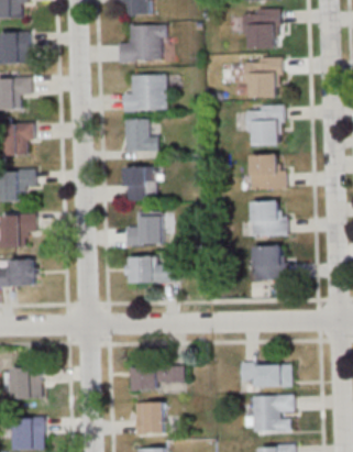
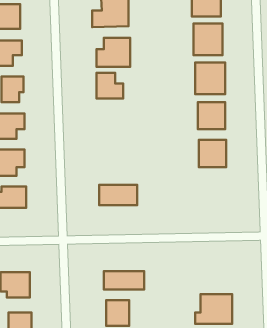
building: [123,166,153,200] -> none
building: [125,212,163,245] -> none
building: [253,245,283,279] -> none
building: [241,363,291,387] -> none

